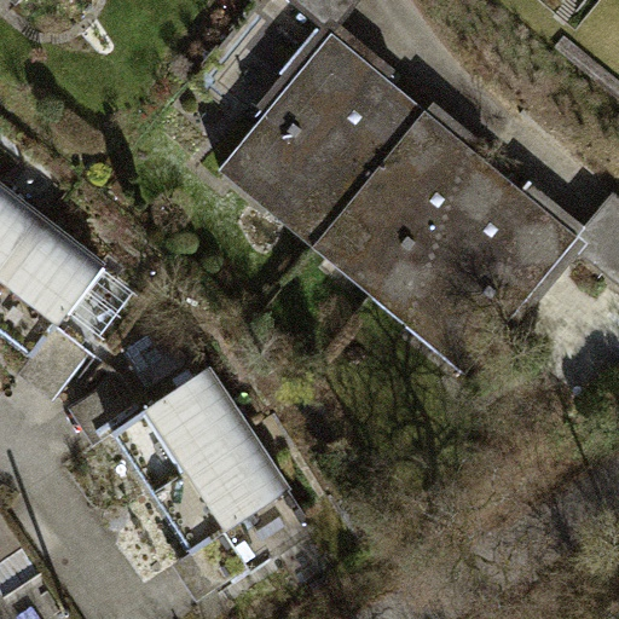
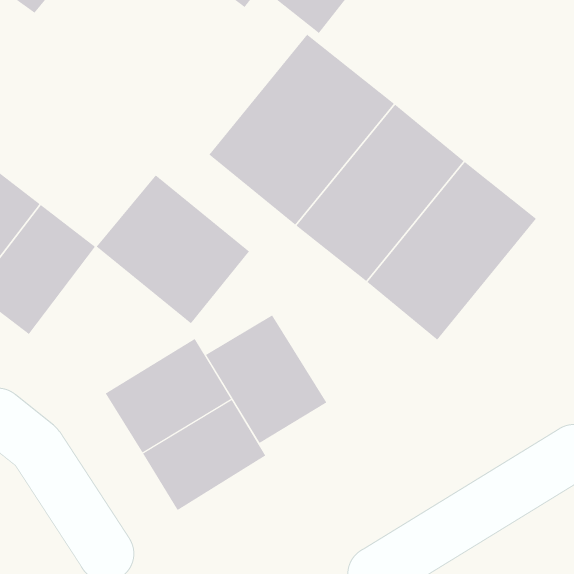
building: none -> [96,175,250,324]
building: none -> [205,314,327,444]

